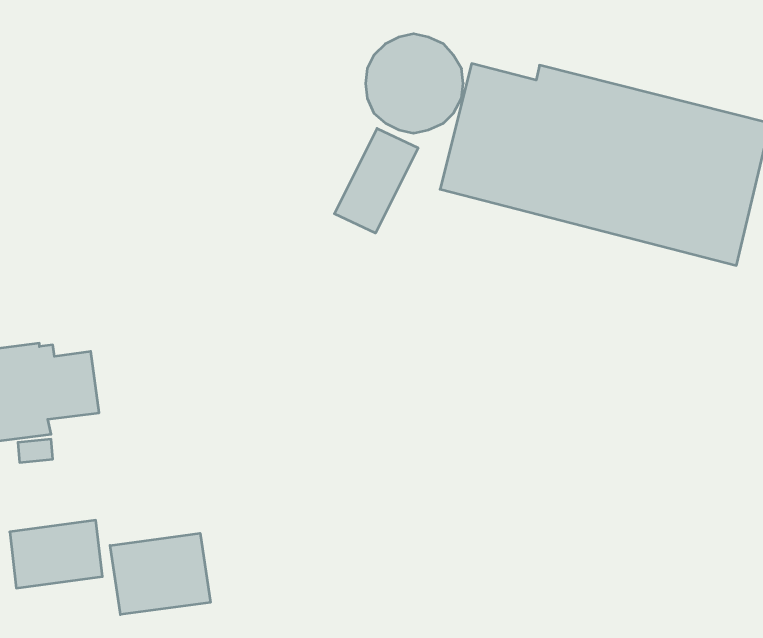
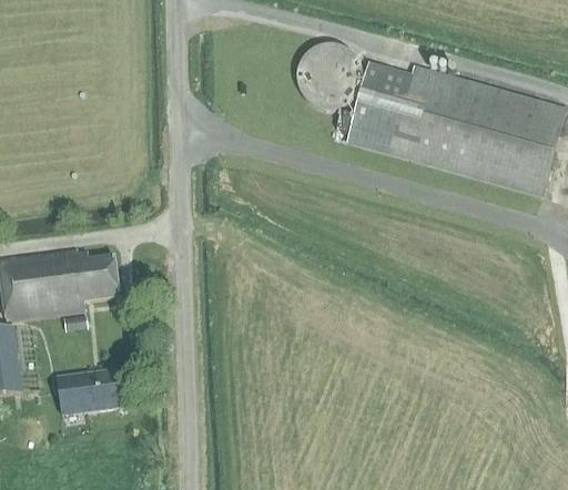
building: [334,128,418,233] -> none
building: [110,533,210,615] -> none

